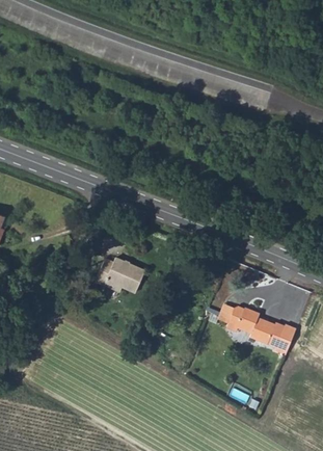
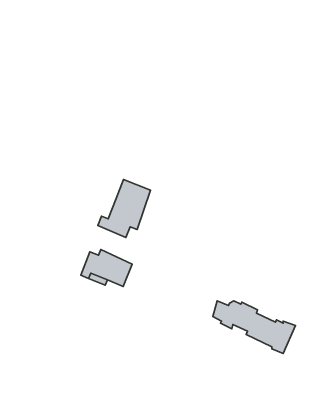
building: none -> [98,179,150,237]

